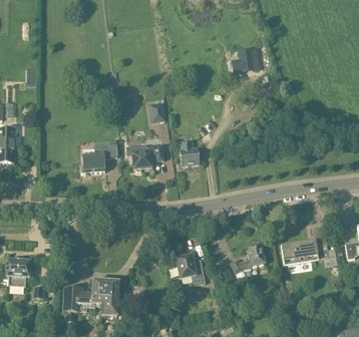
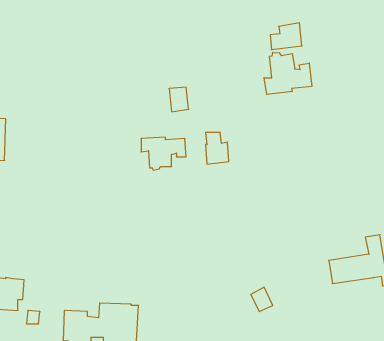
building: none -> [264,52,312,95]
building: [80,141,117,175] -> none
building: [231,244,265,273] -> none
building: [169,255,205,285] -> none

